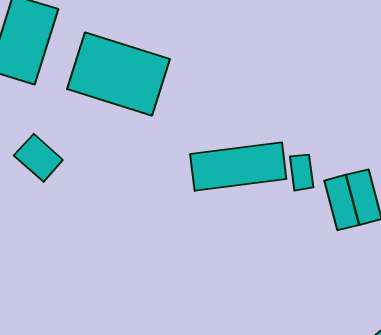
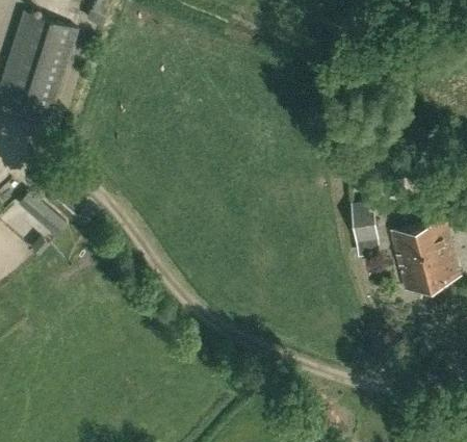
building: [67,32,170,116] -> none
building: [190,142,286,191] -> none

